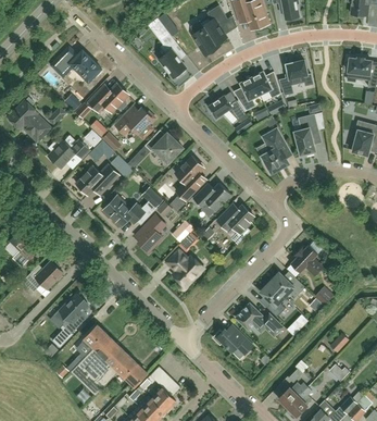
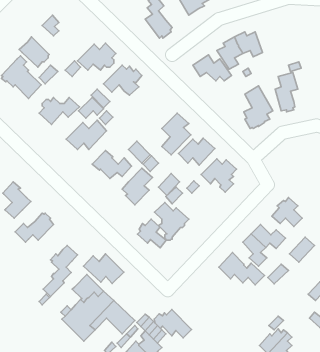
building: [68,50,100,82] -> [19,37,49,67]
building: [278,60,312,96] -> none
building: [144,133,183,163] -> none
building: none -> [137,219,166,248]
building: none -> [84,254,124,283]
building: [213,325,252,355] -> [154,310,192,338]

